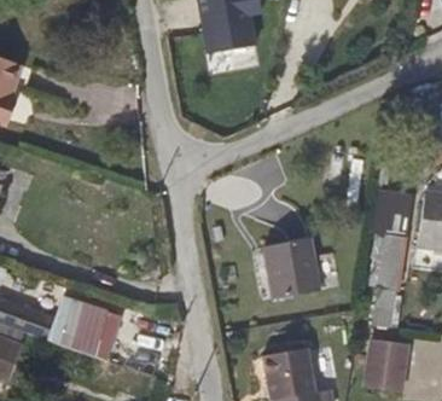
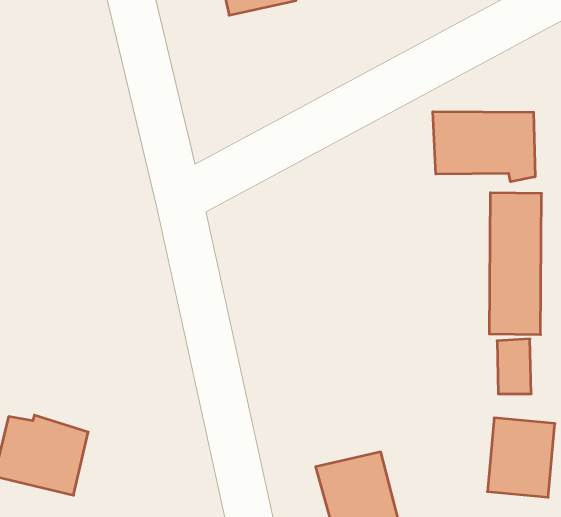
building: none -> [433,112,535,182]
building: [254,232,309,296] -> none

